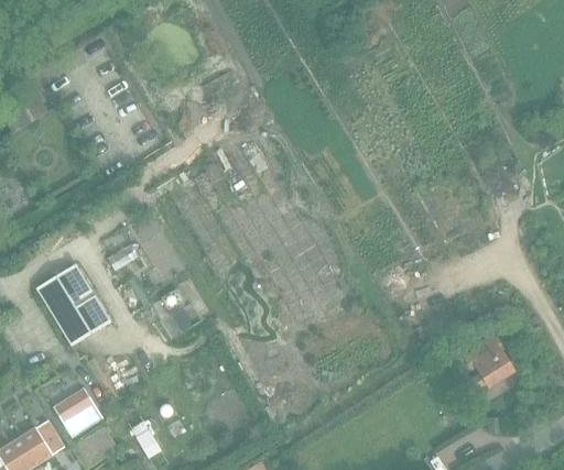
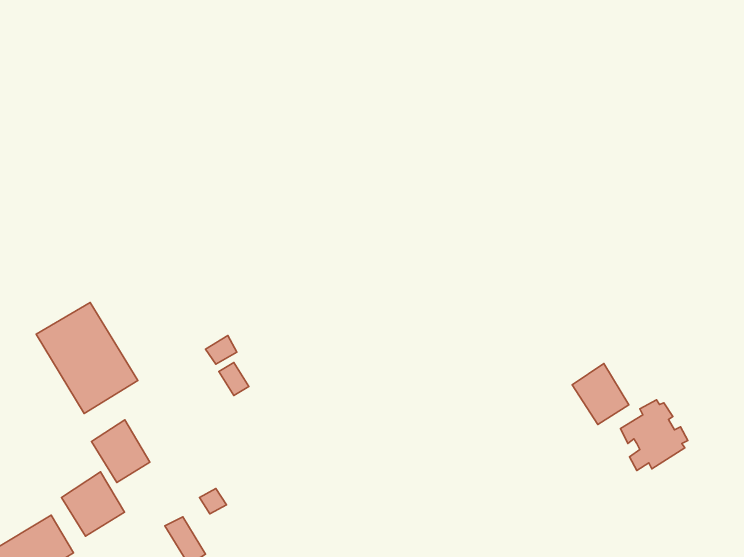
building: none -> [572,364,629,425]
building: none -> [92,420,150,482]

